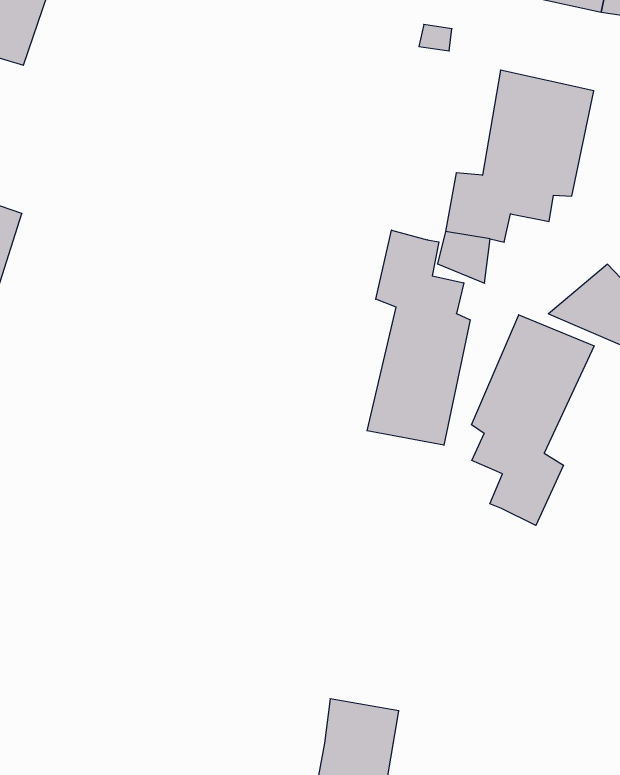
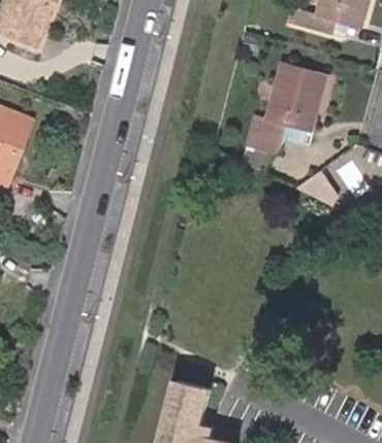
building: [367,230,470,445] -> none
building: [471,315,594,525] -> none

